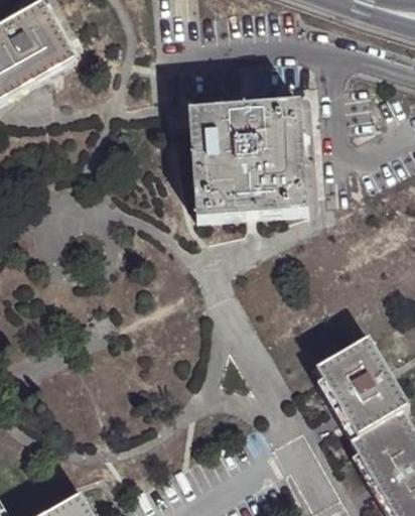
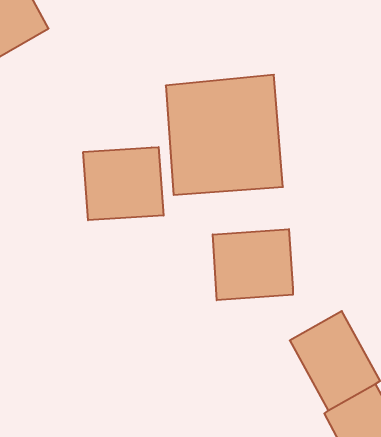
building: none -> [83,147,164,220]
building: none -> [213,229,293,300]

